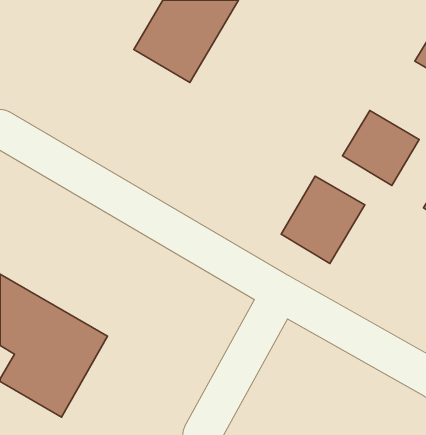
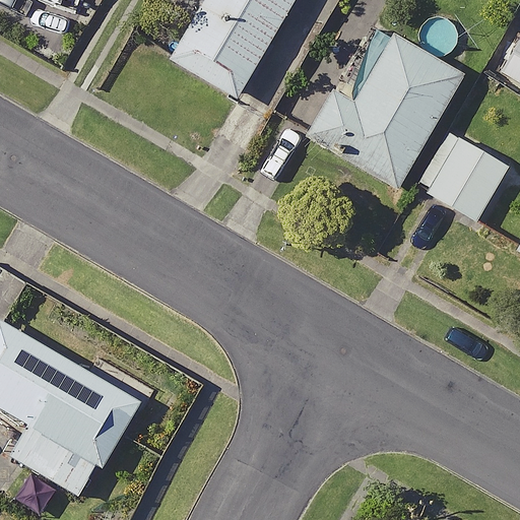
building: none -> [309,21,465,189]
building: [281,176,365,263] -> none

